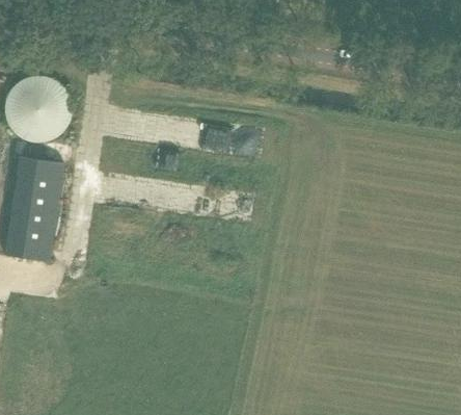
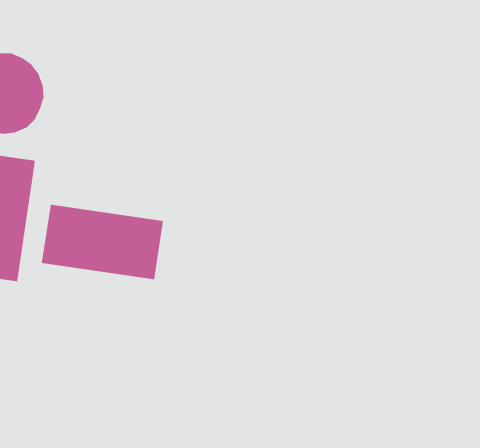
building: none -> [41,204,164,280]

